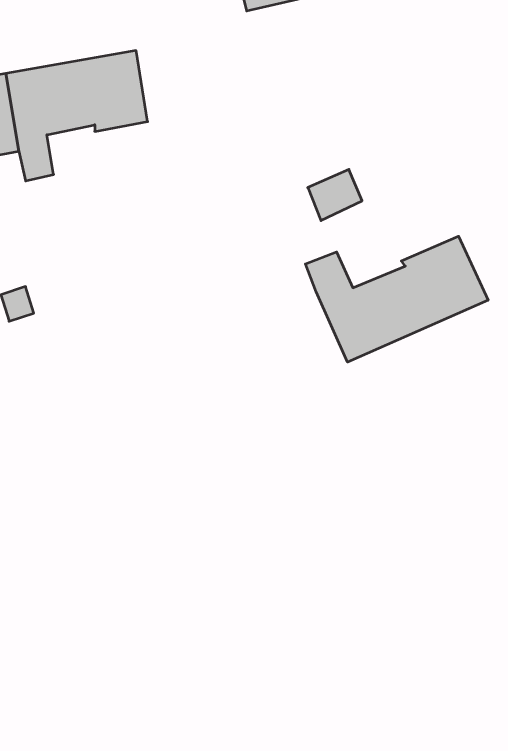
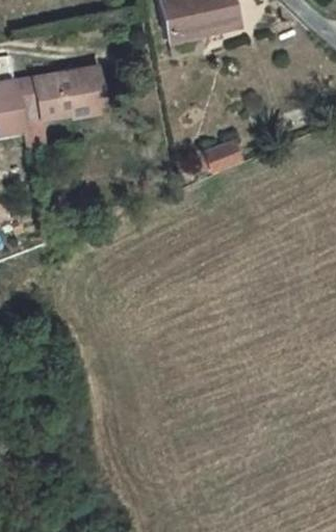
building: [305,236,488,362] -> none

